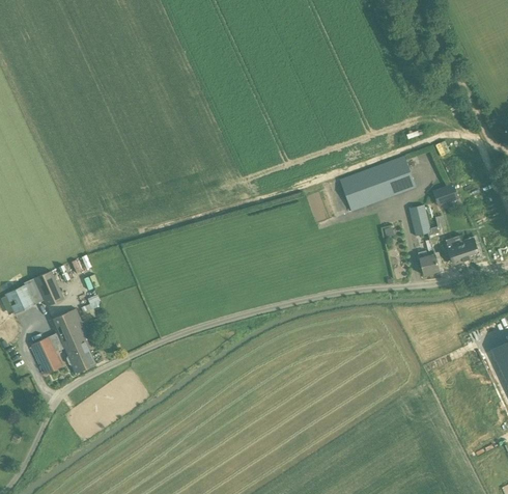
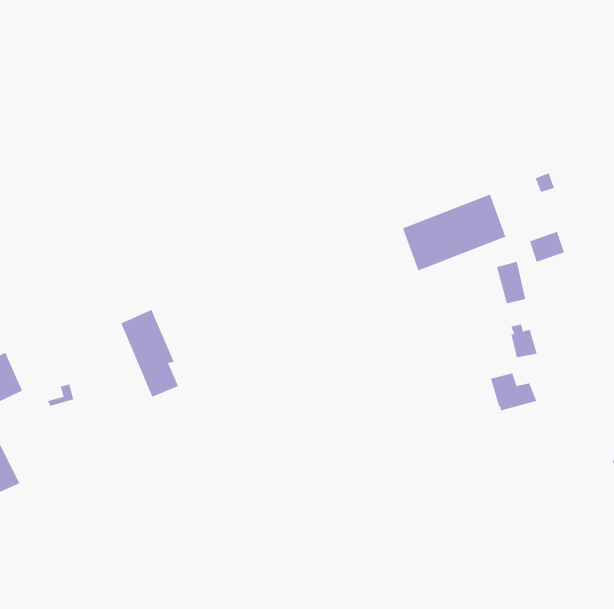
building: [443,237,477,265] -> [490,373,537,411]
building: [53,307,95,372] -> [120,309,179,397]

